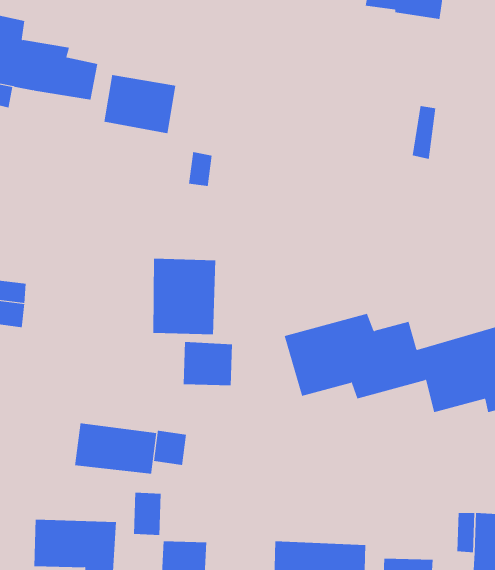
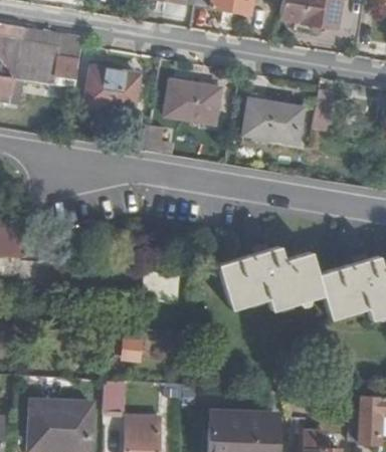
building: none -> [23,29,82,61]
building: none -> [164,82,220,128]
building: none -> [242,101,303,145]
building: [153,258,216,335] -> none
building: [74,422,157,475] -> none

